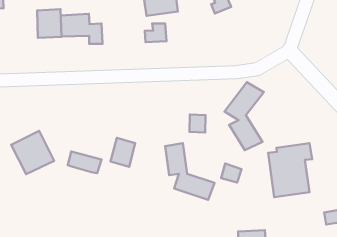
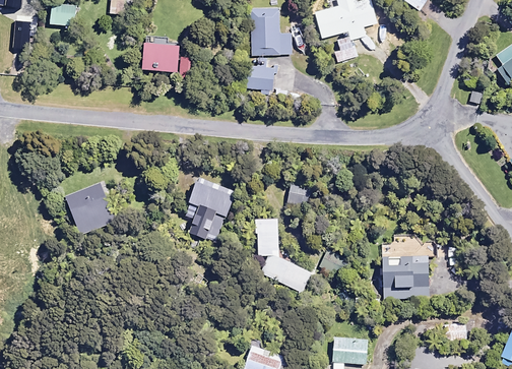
building: [37,9,61,38] -> none
building: [224,82,264,150] -> none
building: [68,152,101,173] -> [191,183,234,213]

